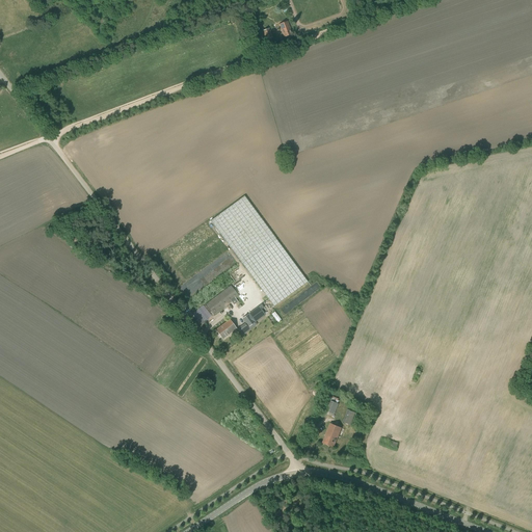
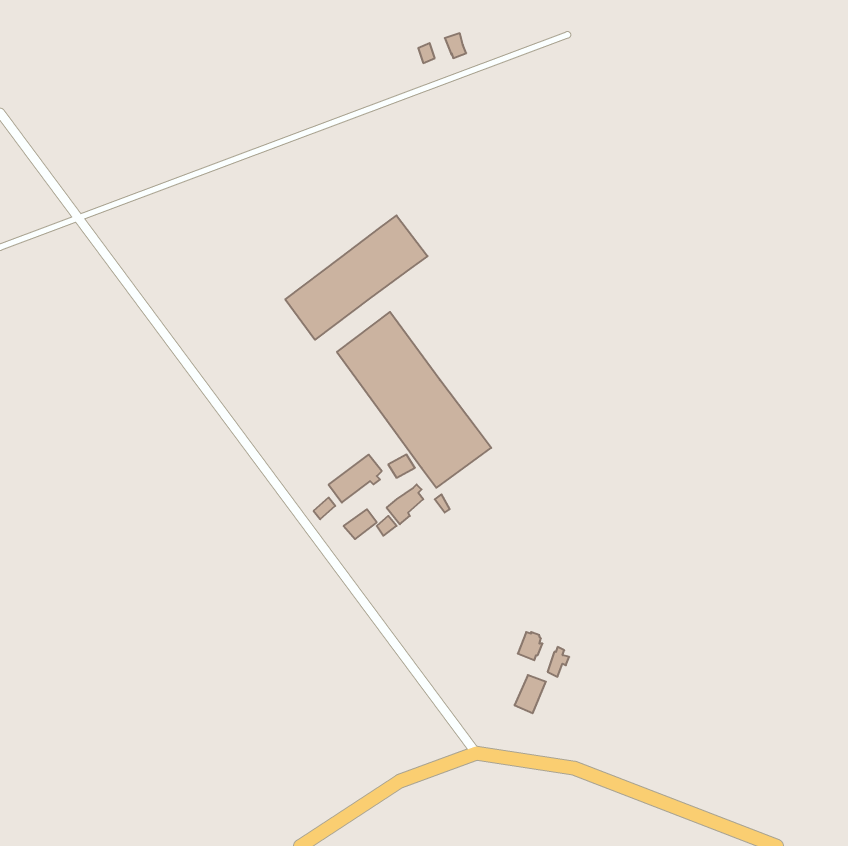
building: none -> [285,215,428,340]

